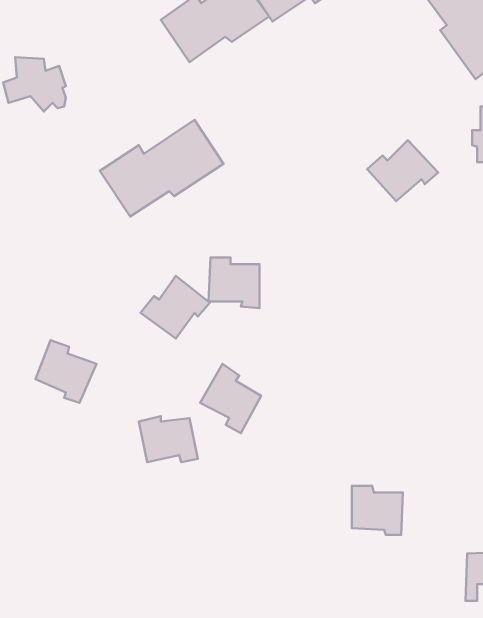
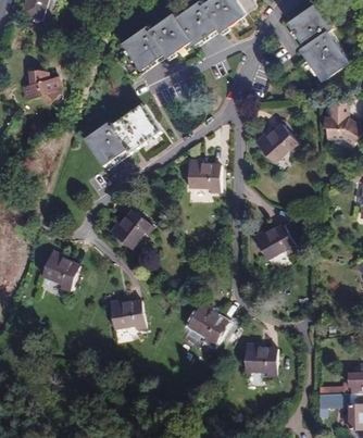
building: [209,257,259,308] -> [187,160,220,192]
building: none -> [253,223,297,260]
building: [200,364,261,433] -> [188,301,227,346]

